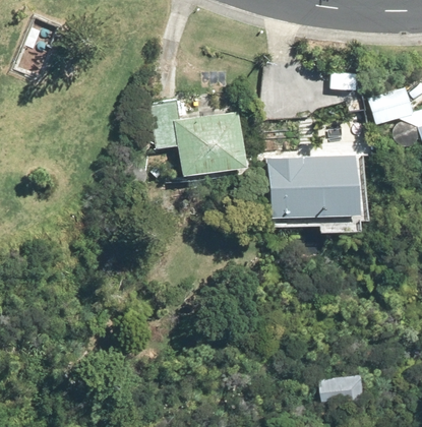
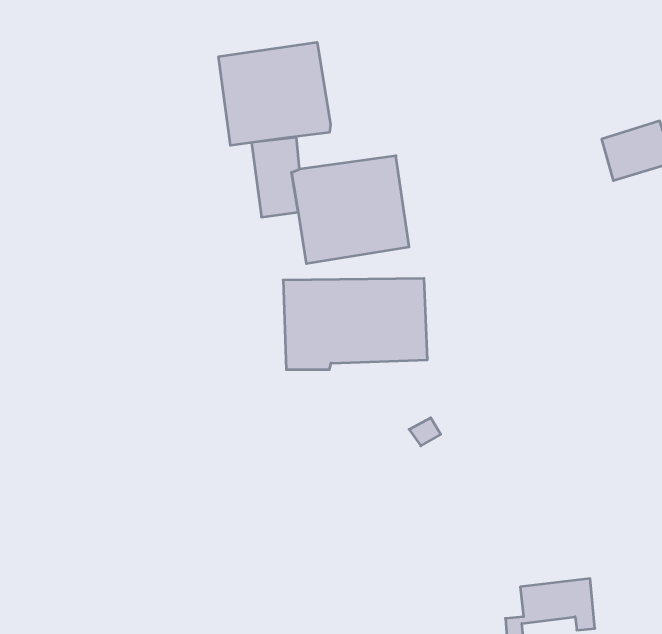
building: none -> [219,42,331,145]
building: [270,157,359,212] -> [283,278,427,370]

